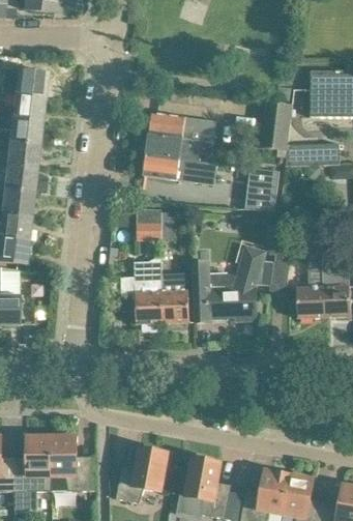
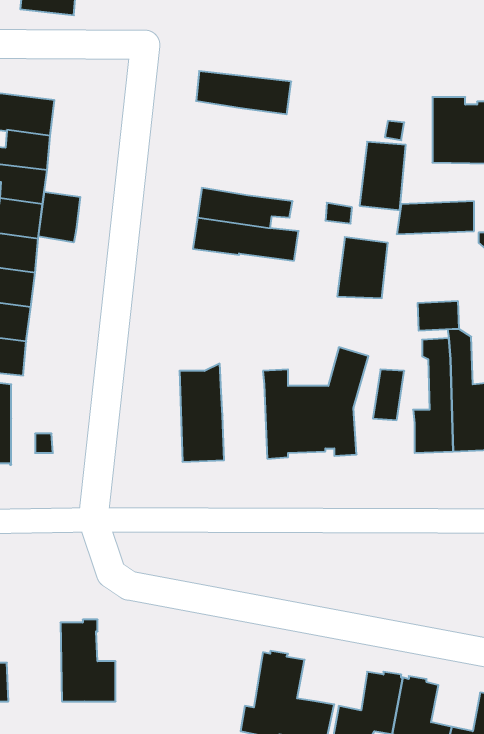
building: [150,113,216,143] -> [196,71,291,114]
building: none -> [38,192,80,242]
building: [138,208,163,240] -> none
building: none -> [418,301,459,331]
building: [164,274,189,323] -> none
building: [14,434,53,509] -> none
building: [117,447,169,502] -> none

